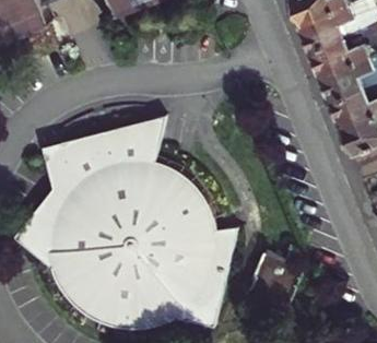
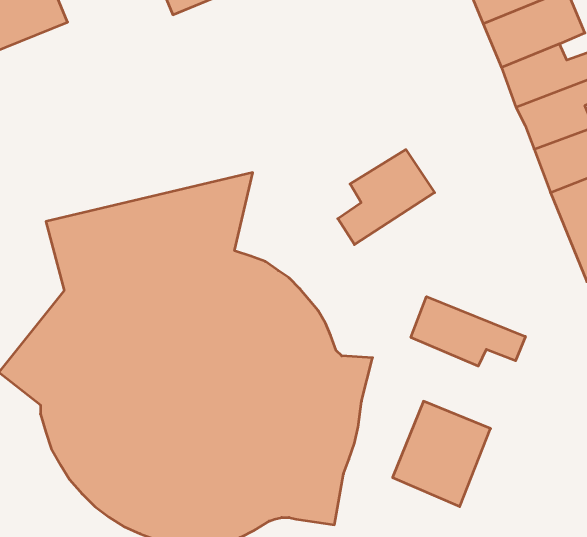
building: none -> [338,150,435,245]
building: none -> [411,297,525,366]

